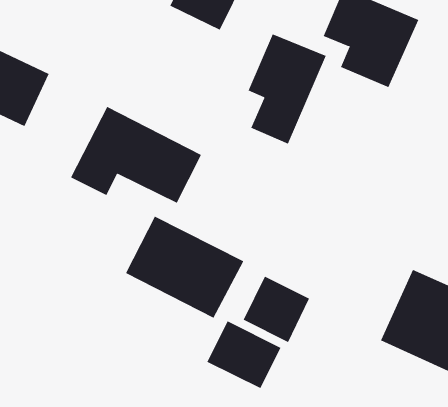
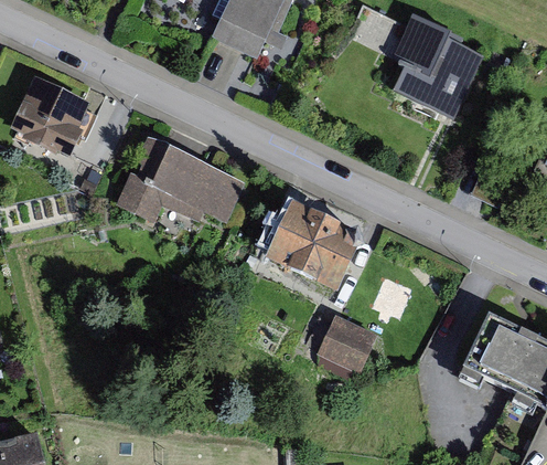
building: [248,34,326,145] -> none
building: [125,216,244,318] -> [259,199,380,304]
building: [207,321,281,389] -> none

